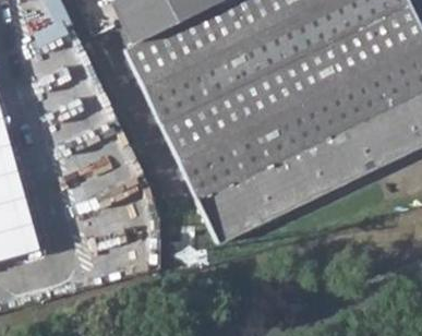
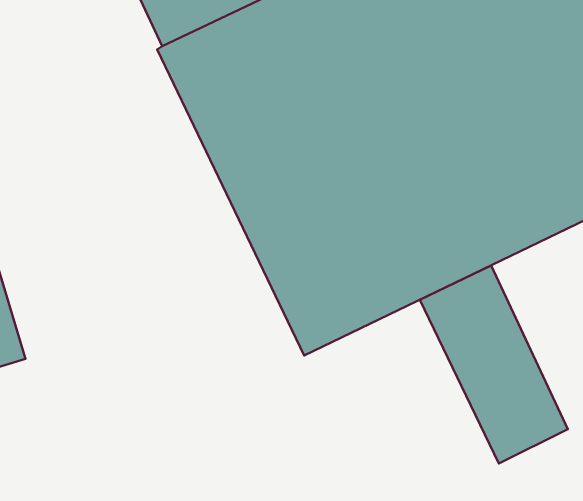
building: none -> [420,266,568,463]

